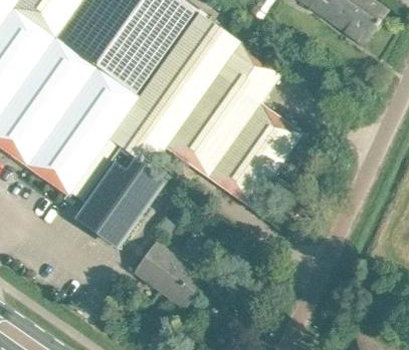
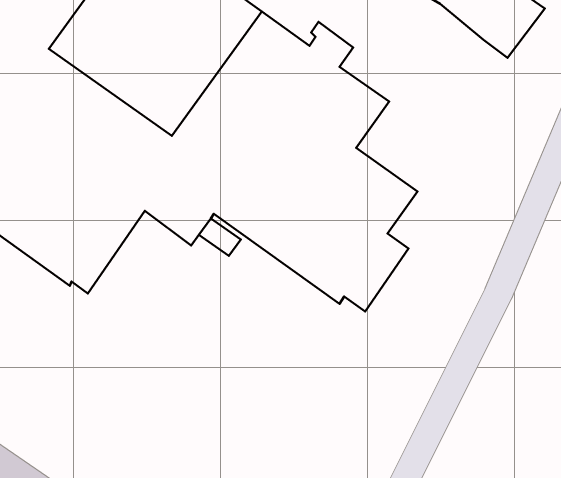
building: [80,145,163,241] -> none
building: [134,243,204,307] -> none

